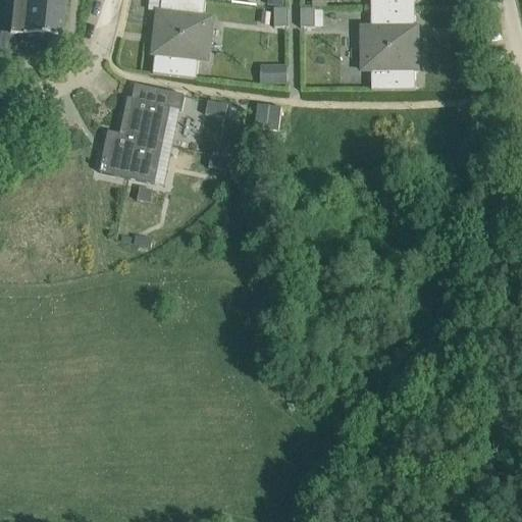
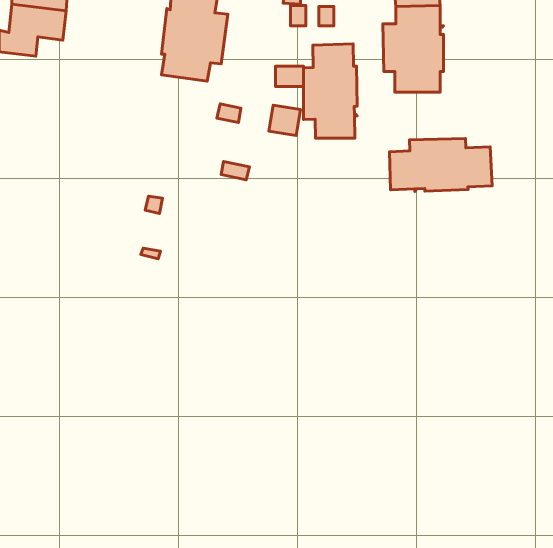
building: none -> [304,44,357,138]
building: [98,81,182,181] -> none
building: none -> [390,139,492,192]

